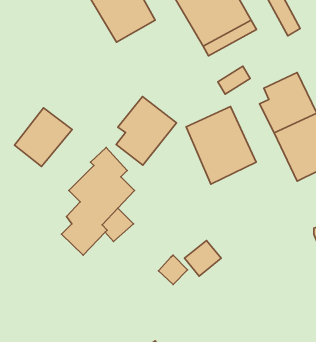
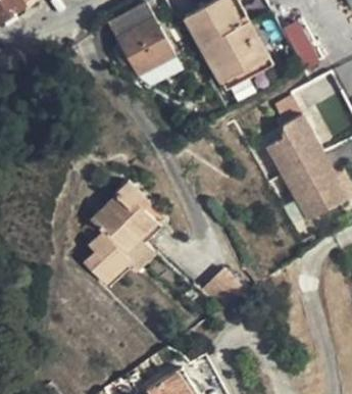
building: [116,96,177,165] -> none
building: [186,107,256,184] -> none
building: [14,108,72,167] -> none

